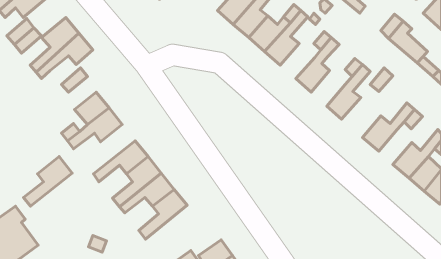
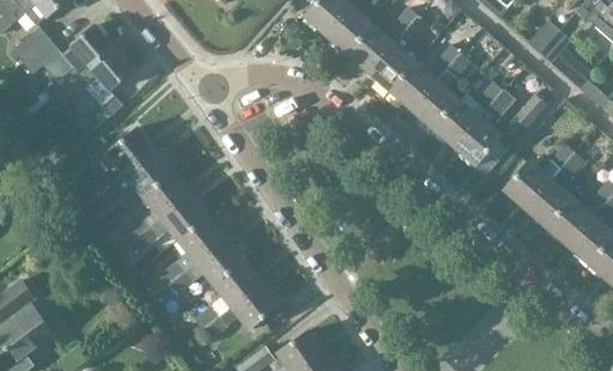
building: none -> [389,61,437,109]
building: none -> [432,98,479,147]
building: none -> [526,180,571,227]
building: [24,157,72,206] -> [122,172,189,241]
building: none -> [204,284,278,340]

